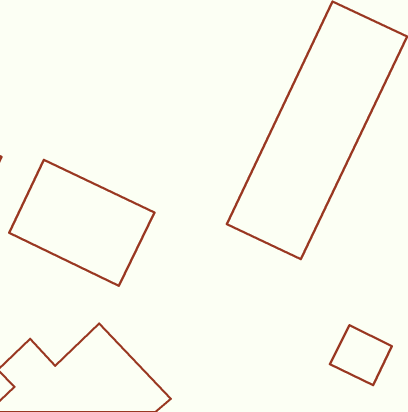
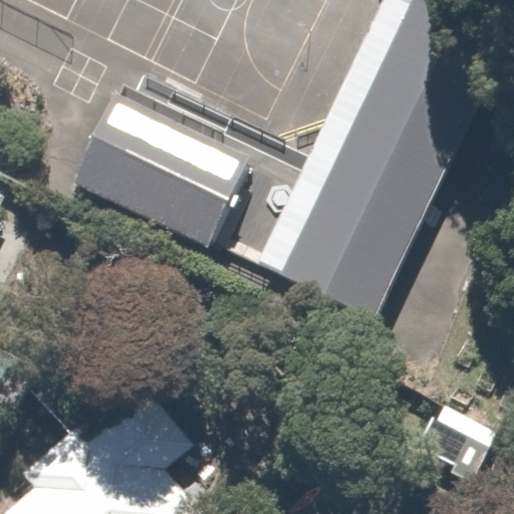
building: [9,160,154,286] -> [69,93,249,249]

